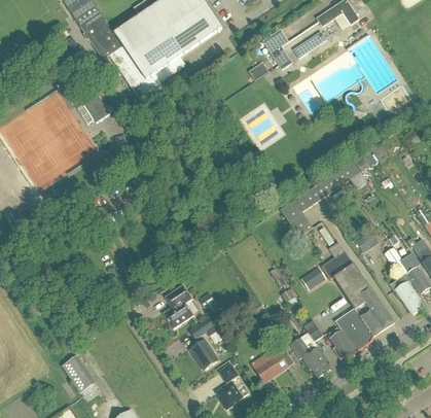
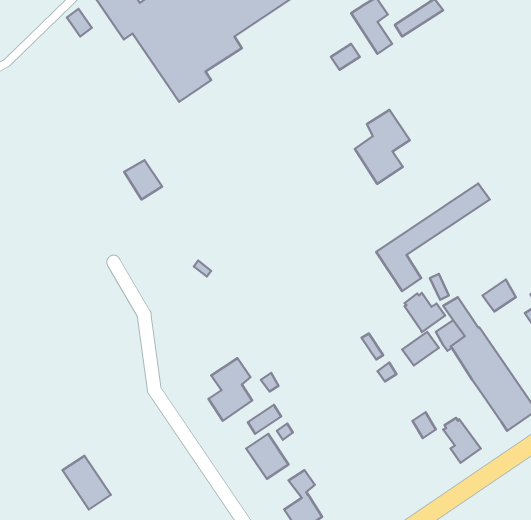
building: [83,95,110,123] -> [124,160,162,200]
building: none -> [355,110,410,184]
building: none -> [405,293,445,332]
building: [334,307,369,347] -> none
building: [290,336,331,377] -> none
building: [255,342,289,381] -> none

